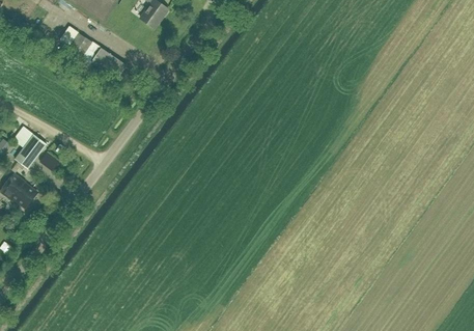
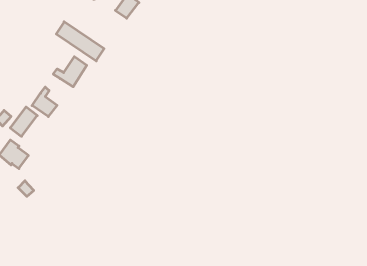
building: none -> [53,57,87,87]
building: none -> [32,87,57,117]

